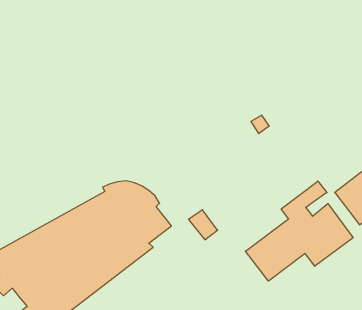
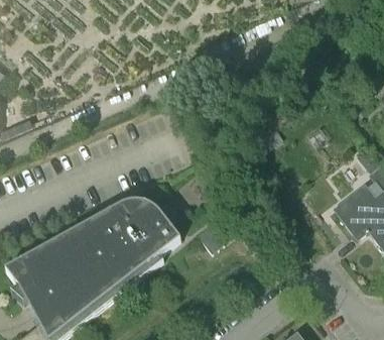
building: [245,181,353,281] -> none

